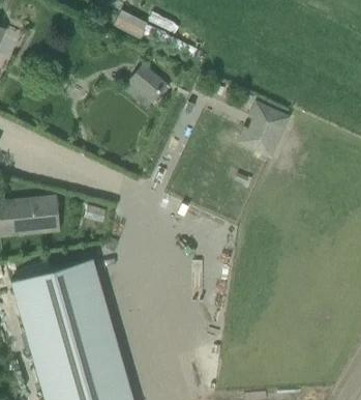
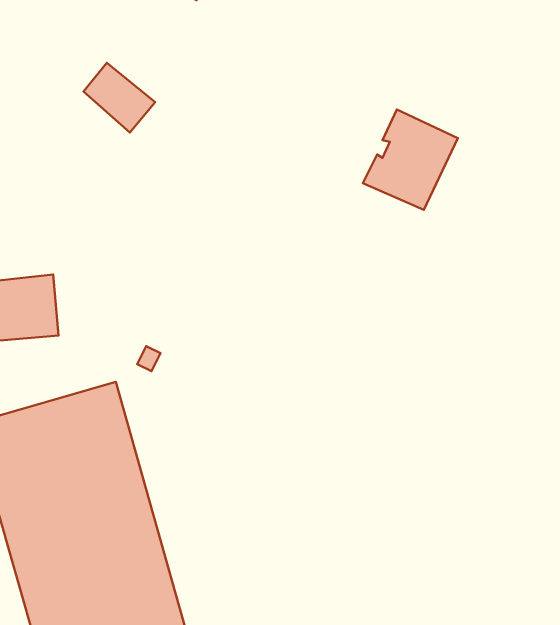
building: [129,63,171,104] -> [83,63,155,133]

